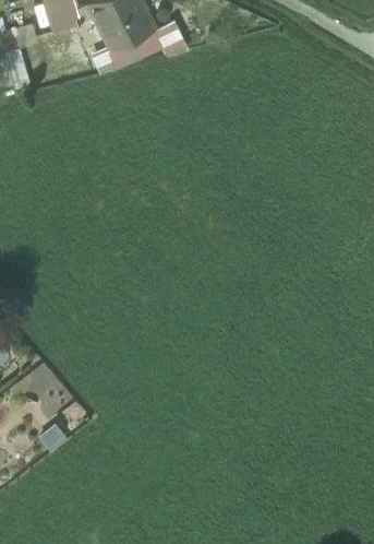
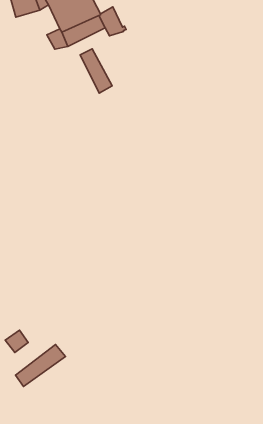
building: none -> [80,49,112,93]
building: none -> [15,344,65,386]

